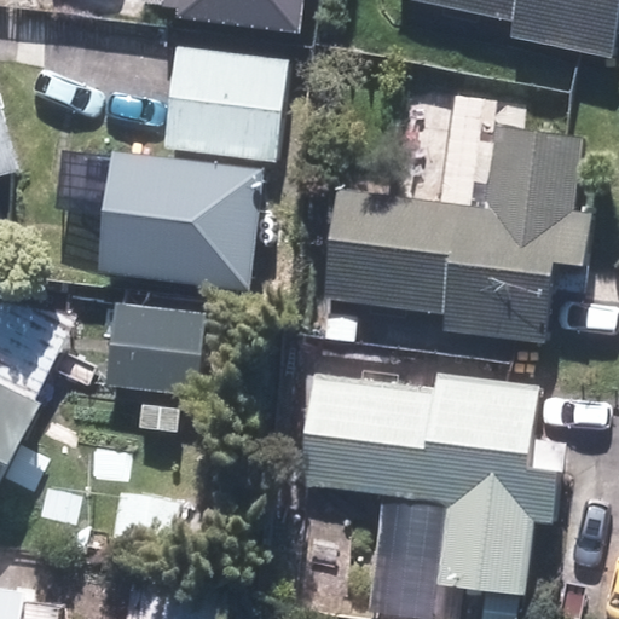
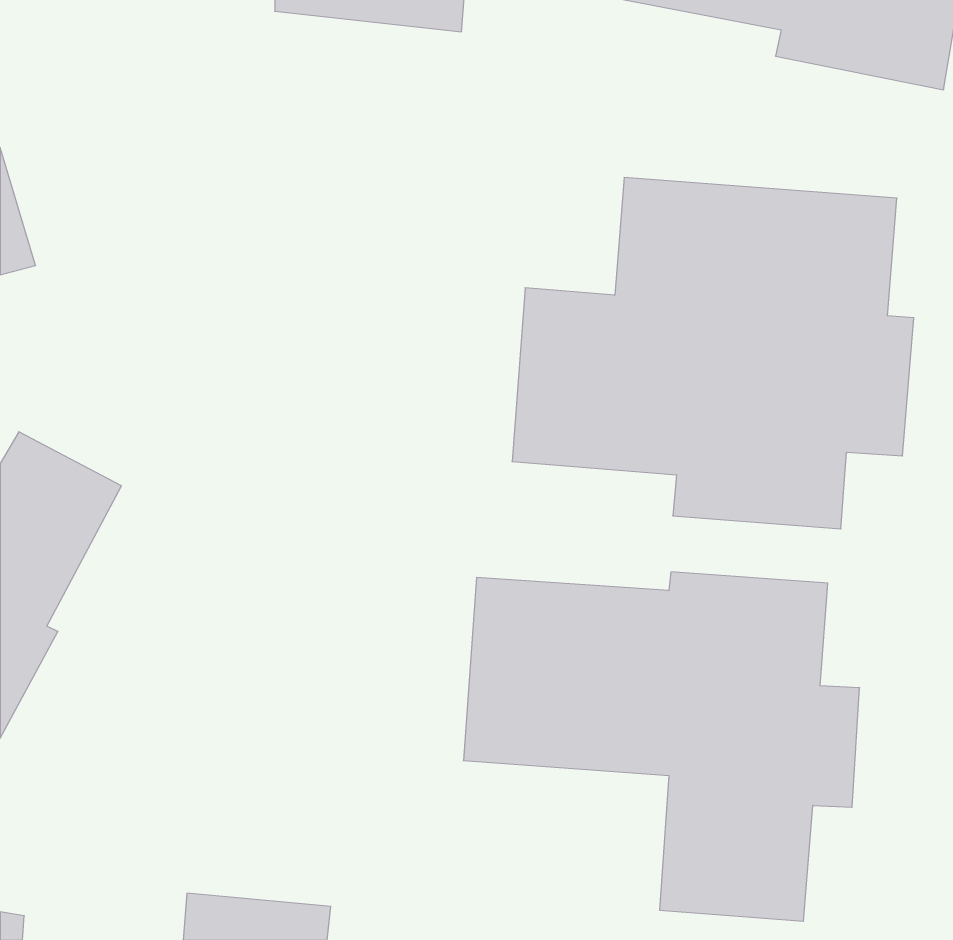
building: [166,51,282,158] -> none
building: [99,164,255,289] -> none
building: [108,303,201,399] -> none

